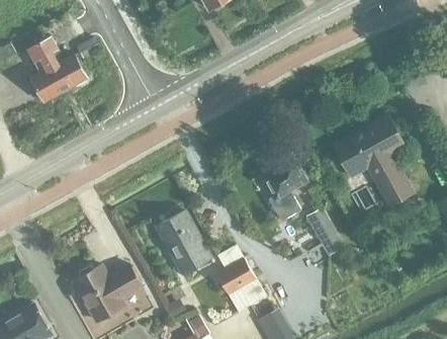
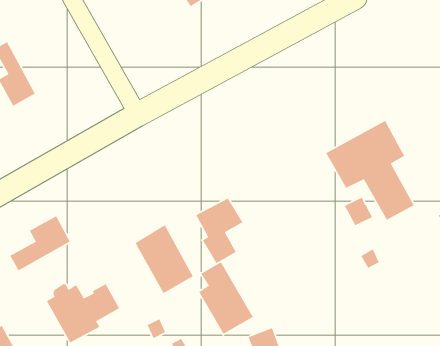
building: [39,36,88,91] -> none
building: [263,160,307,222] -> [195,197,243,264]
building: none -> [9,215,71,271]
building: [306,208,344,256] -> none

